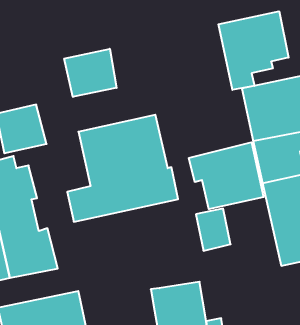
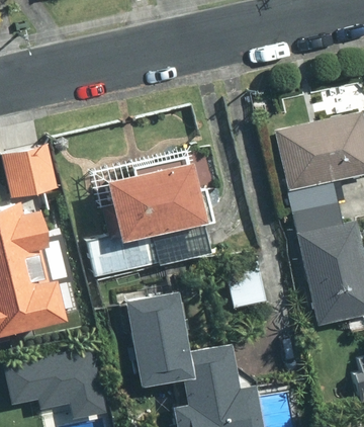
building: [218,11,289,90] -> none
building: [64,49,117,97] -> none
building: [189,142,264,209] -> none
building: none -> [125,287,186,379]

